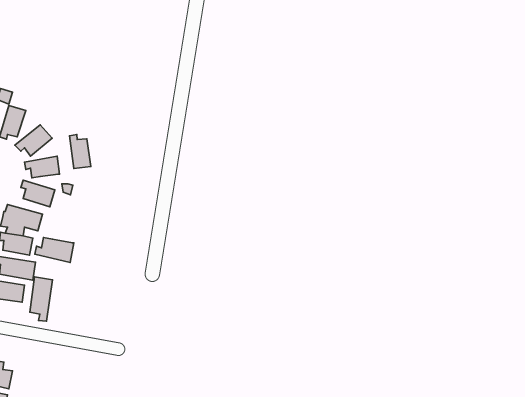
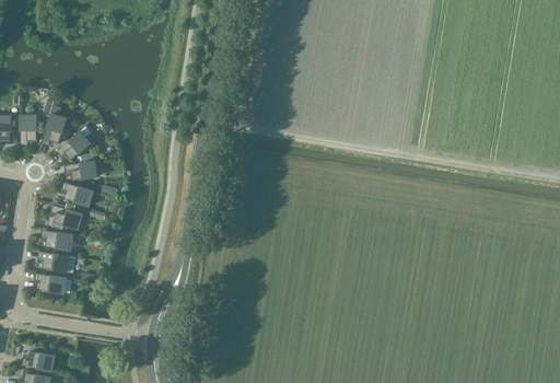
building: [69,135,91,169] -> none
building: [35,237,74,262] -> none
building: [30,277,52,321] -> none

